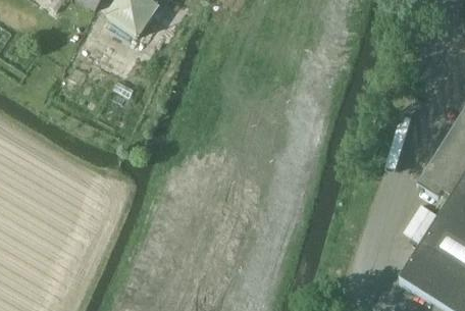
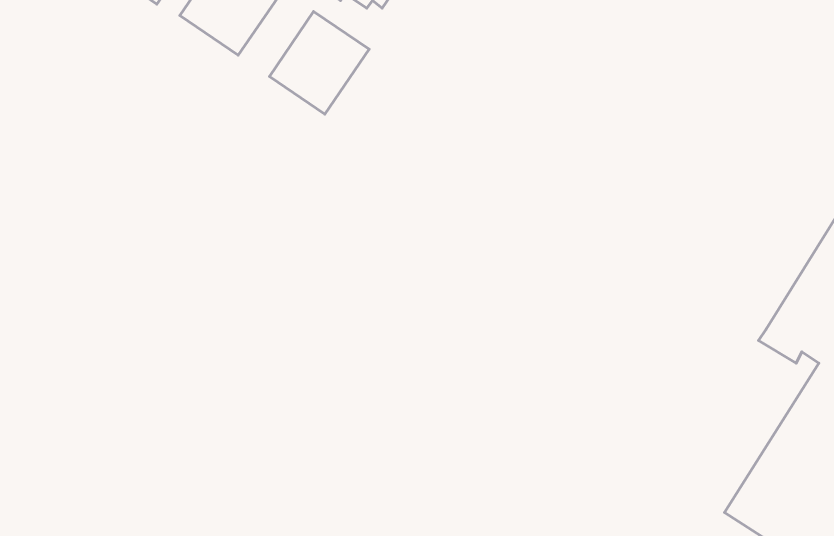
building: none -> [269,12,369,114]

